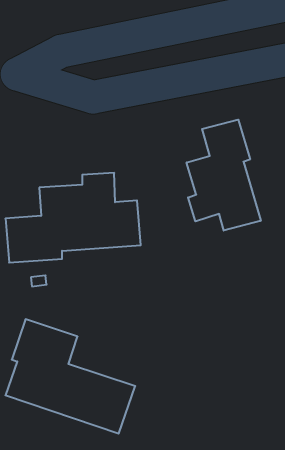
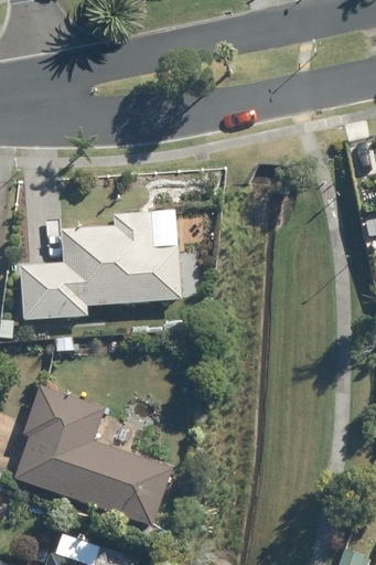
building: [187,120,261,231] -> none

